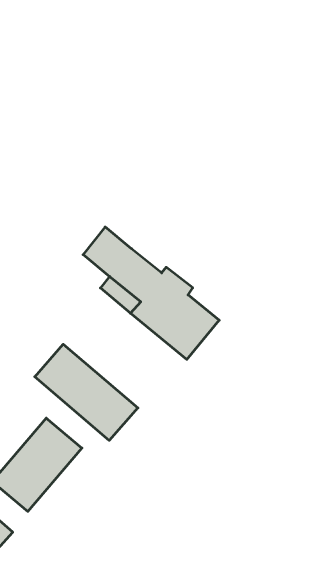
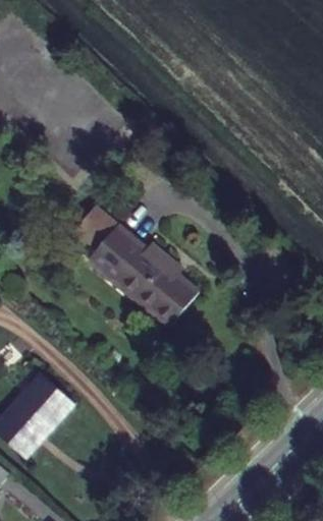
building: [35,344,138,440] -> none

